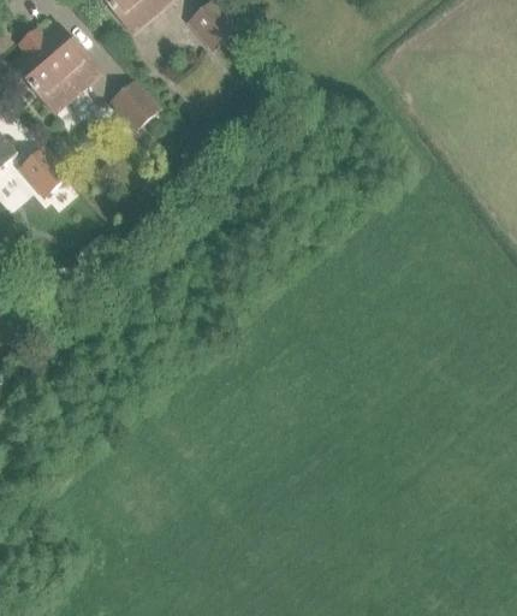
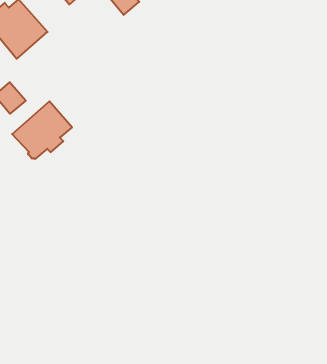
building: [112,82,159,130] -> none
building: none -> [12,101,72,159]

